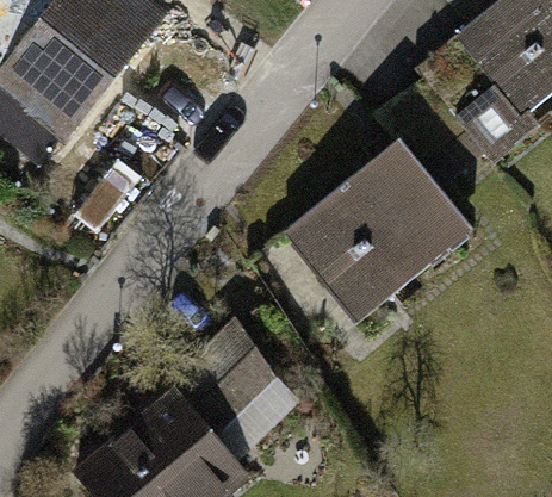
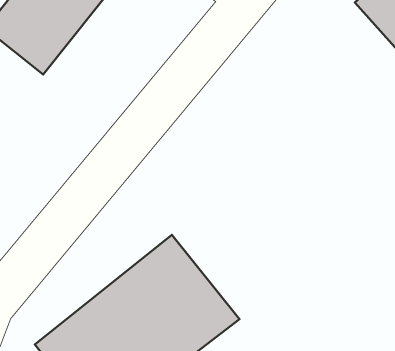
building: [283,138,473,327] -> none

